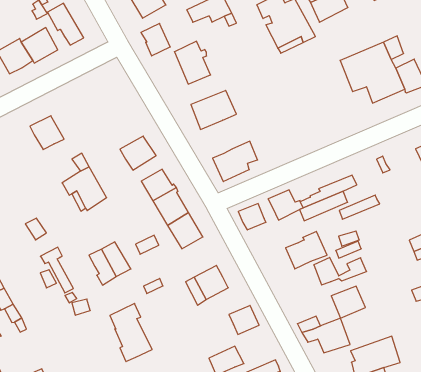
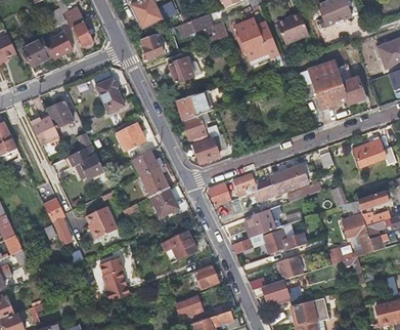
building: none -> [95,78,121,112]
building: none -> [182,115,207,141]
building: none -> [31,116,59,146]

